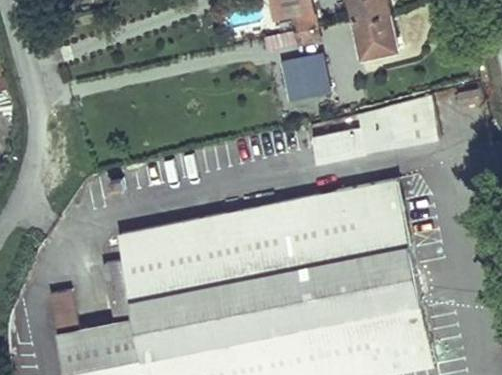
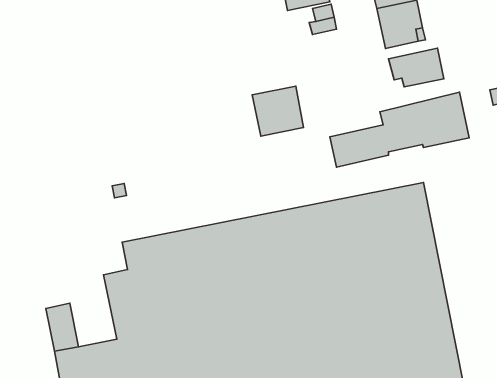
building: [280,53,327,99] -> [252,86,303,136]
building: none -> [389,48,444,87]

